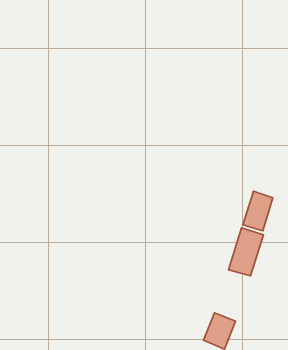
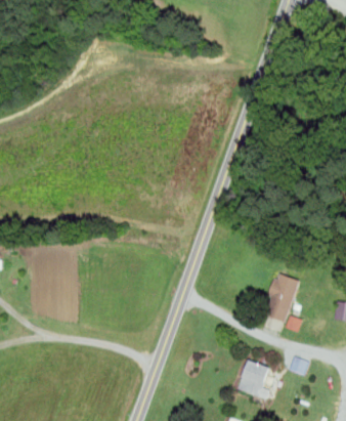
building: [243,191,273,231] -> none

